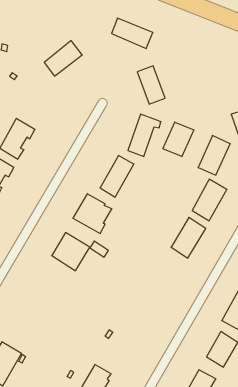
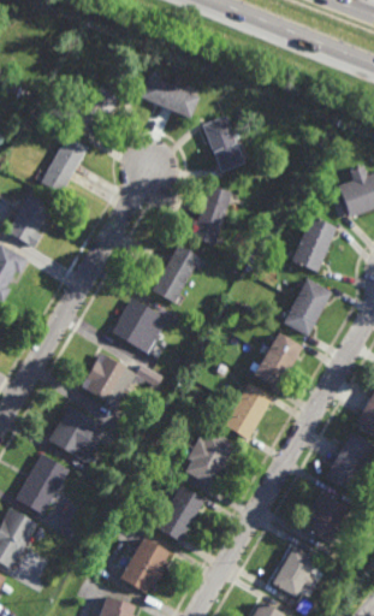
building: [112,18,153,49] -> [141,76,200,119]
building: none -> [42,136,90,195]
building: [163,122,194,157] -> none
building: none -> [221,383,271,442]
building: none -> [51,407,107,466]
building: none -> [182,430,233,488]
building: none -> [17,454,71,516]
building: none -> [154,486,203,543]

